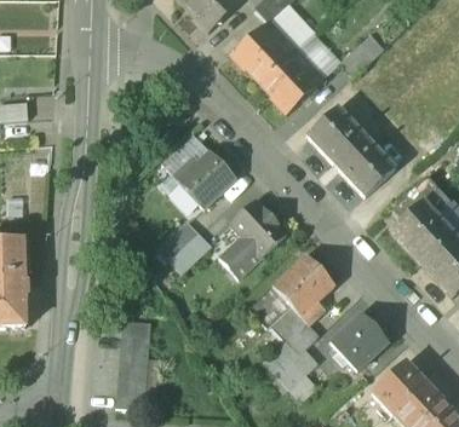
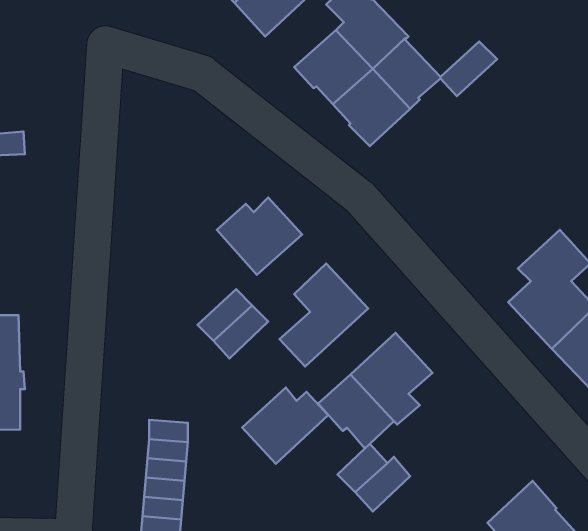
building: [309,105,395,192] -> none
building: none -> [242,387,328,464]
building: [331,311,388,368] -> none

